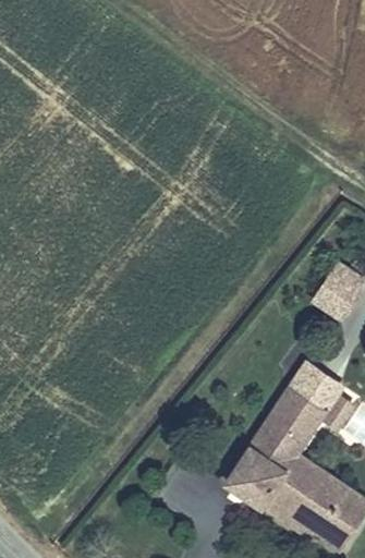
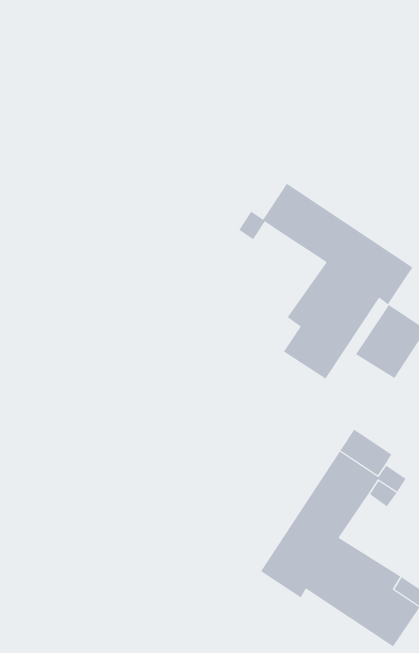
building: none -> [239,183,413,379]

